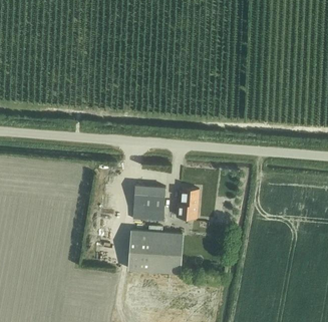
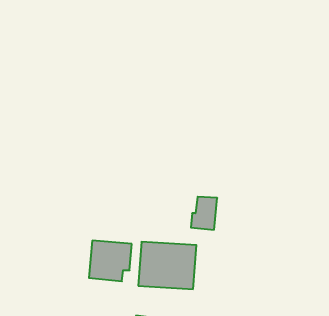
building: [132,187,172,224] -> [89,241,132,281]

